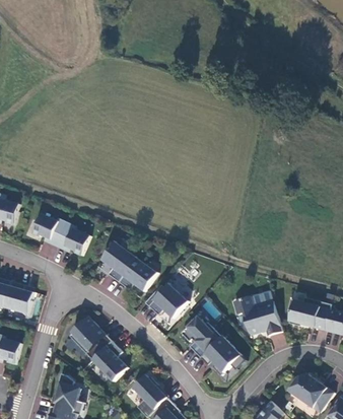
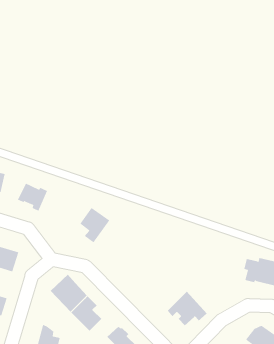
building: [56,222,89,255] -> none
building: [118,256,157,290] -> none
building: [147,283,188,318] -> none
building: [232,295,281,335] -> none
building: [180,319,221,357] -> none

